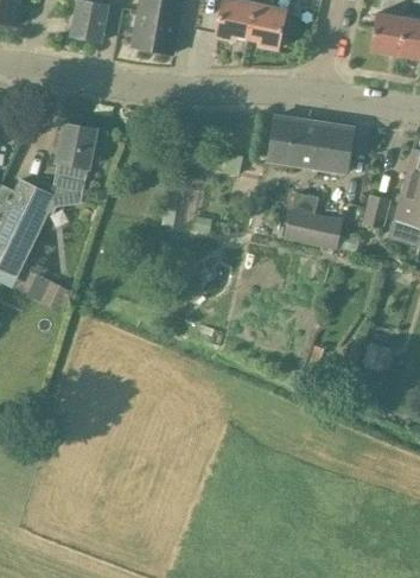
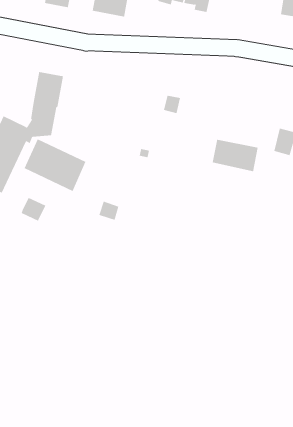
building: [268,115,354,172] -> none
building: none -> [24,138,86,192]

